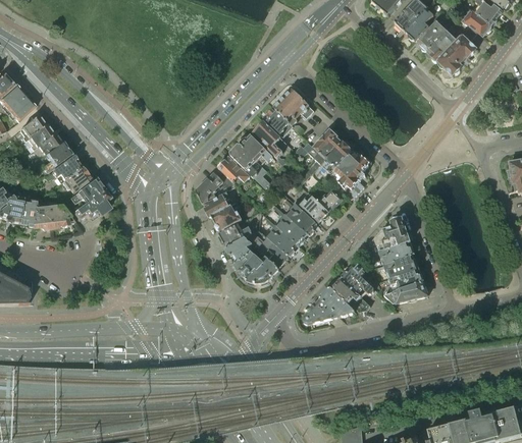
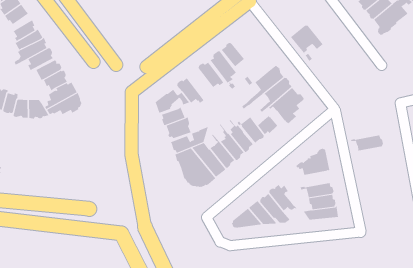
building: [274,91,314,132] -> [290,25,323,62]
building: [230,144,270,186] -> none
building: [373,242,413,265] -> [350,135,384,151]

